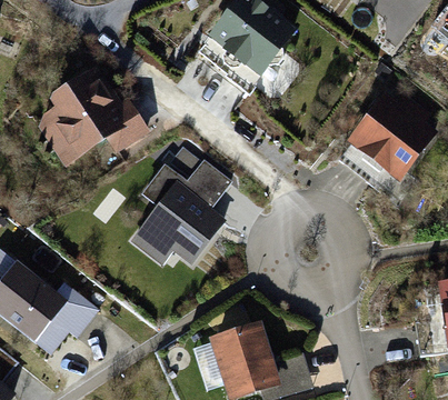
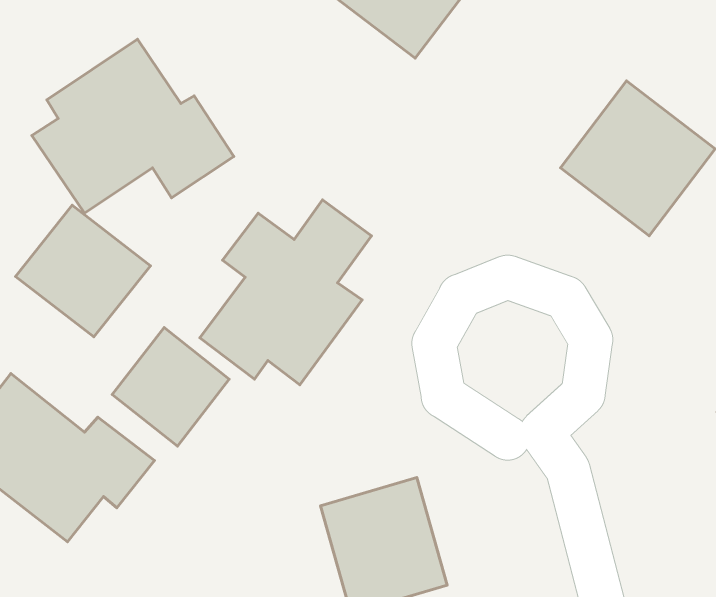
building: none -> [16,205,150,337]
building: none -> [112,327,229,446]

